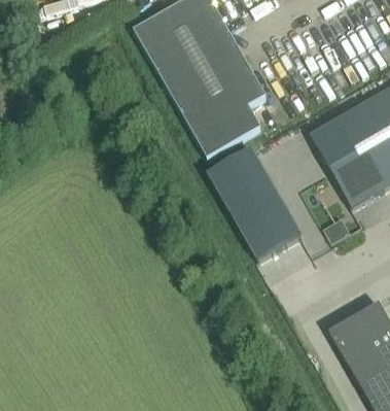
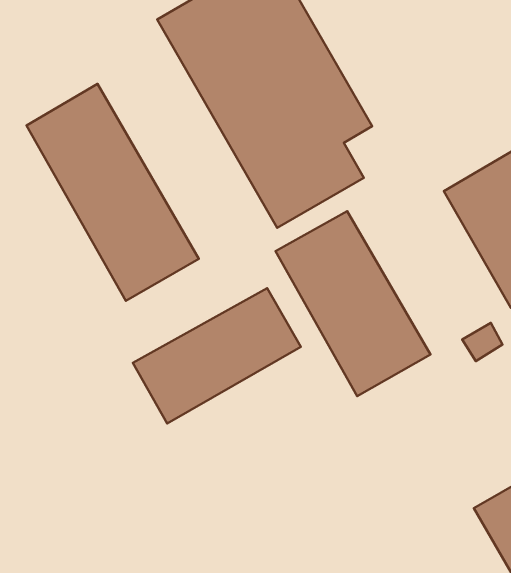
building: none -> [26,84,199,301]
building: none -> [133,288,301,423]

